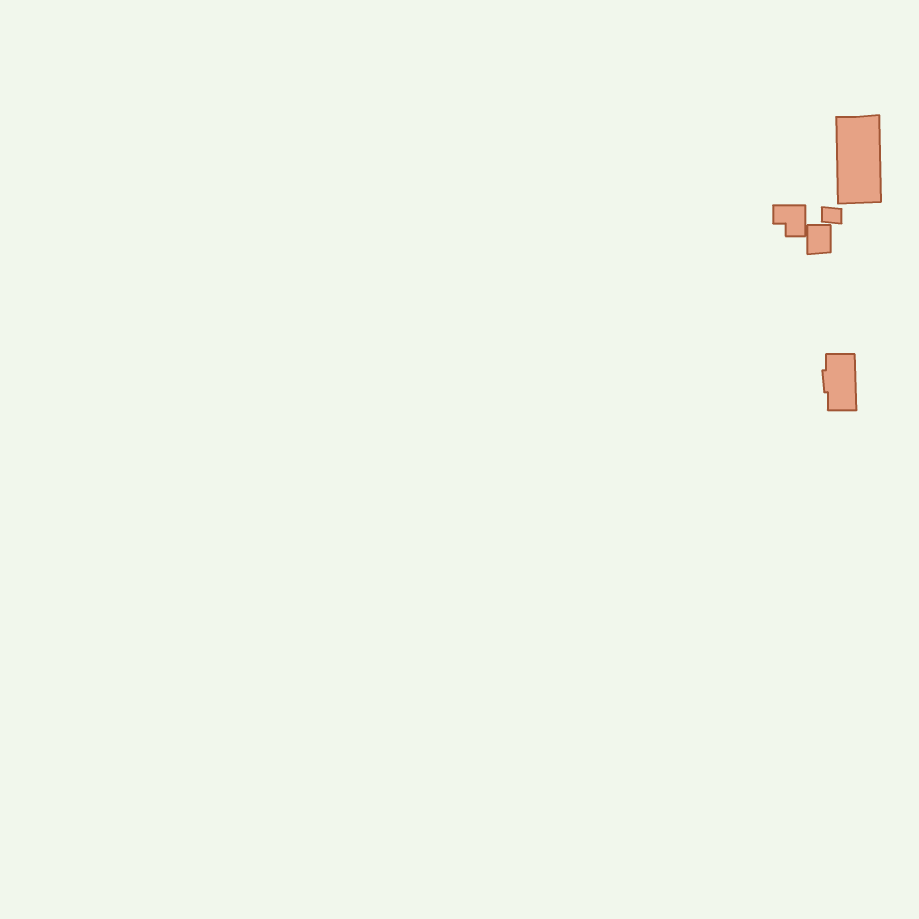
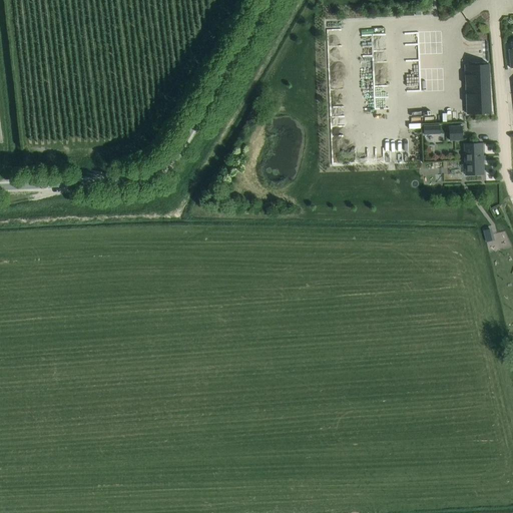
building: [822,354,857,410] -> [465,144,484,175]

